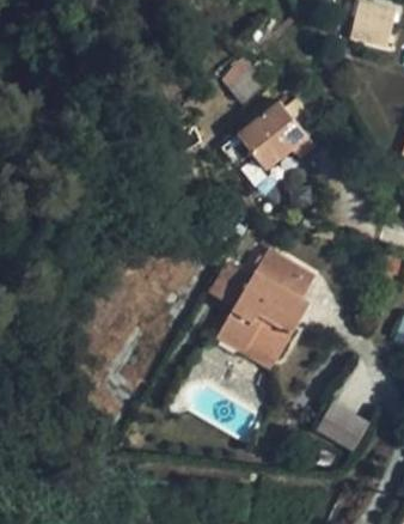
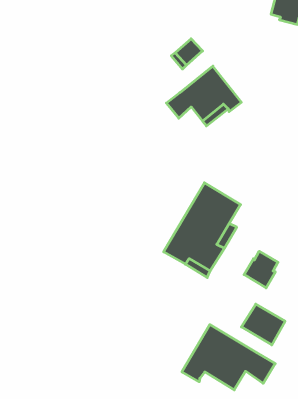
building: none -> [244,251,278,288]
building: none -> [182,325,275,390]

